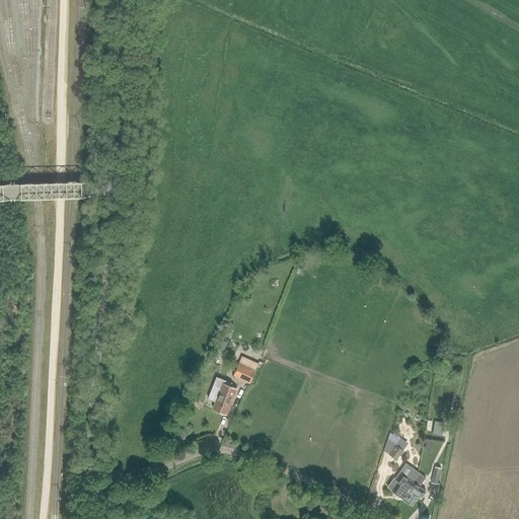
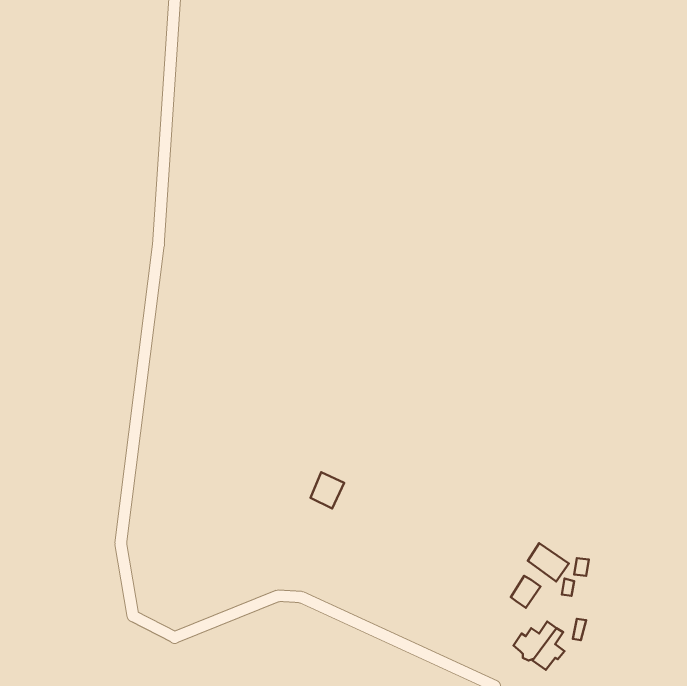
building: [208,376,236,413] -> none
building: none -> [528,543,569,582]

